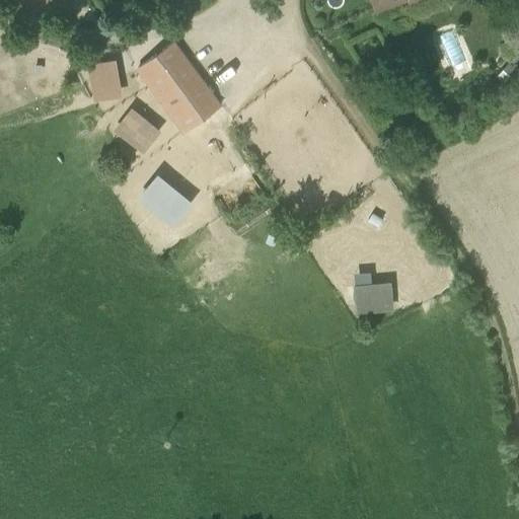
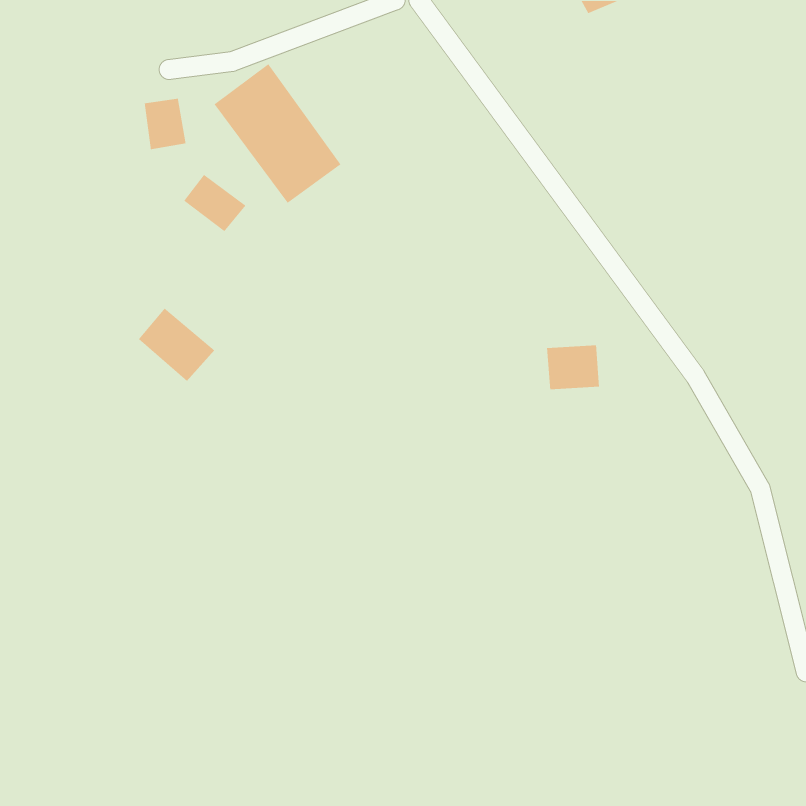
building: [143,176,193,224] -> [138,308,215,382]
building: [357,284,391,313] -> [546,344,600,390]

